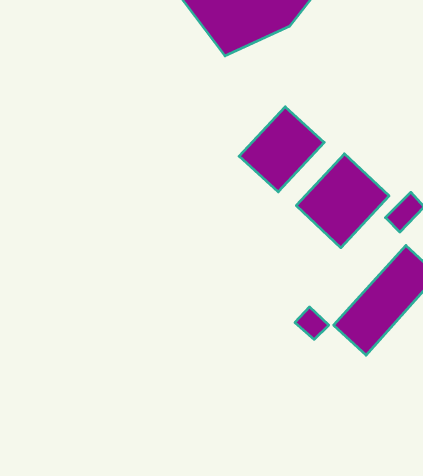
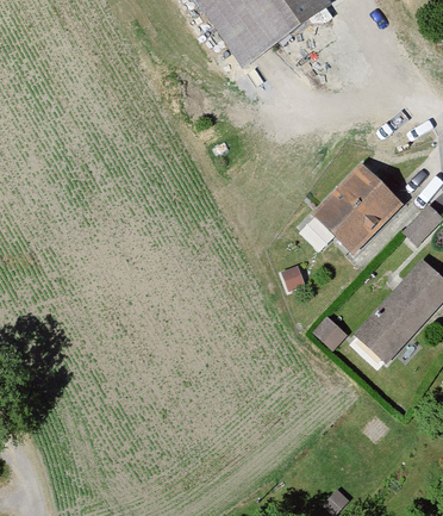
building: [239,107,324,192] -> none

